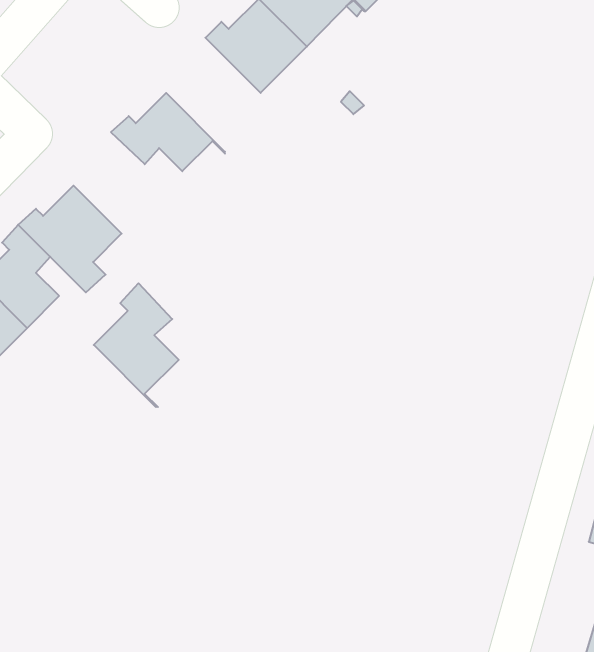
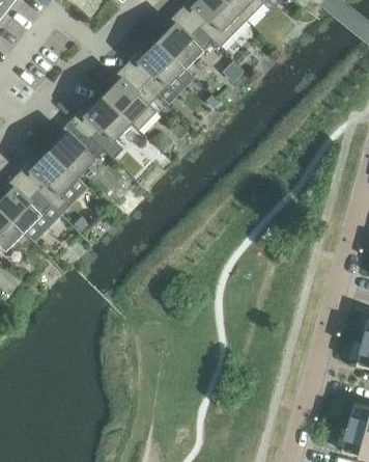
building: none -> [104,64,159,131]
building: none -> [50,119,105,179]
building: [94,283,179,407] -> none

